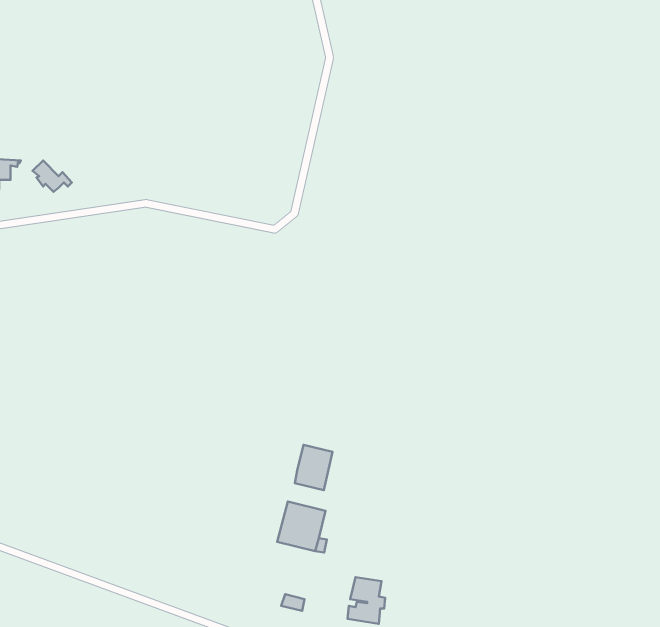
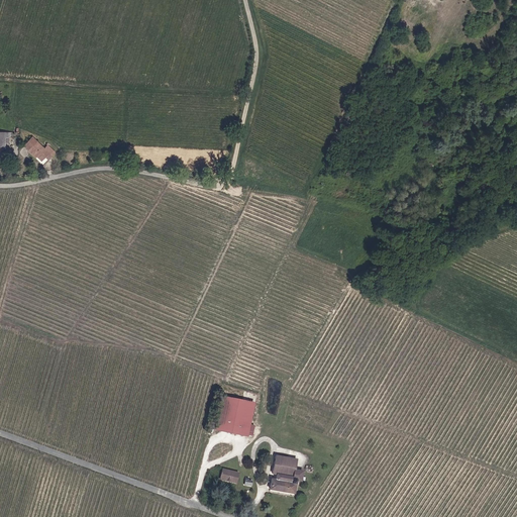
building: [295,445,333,490] -> none

